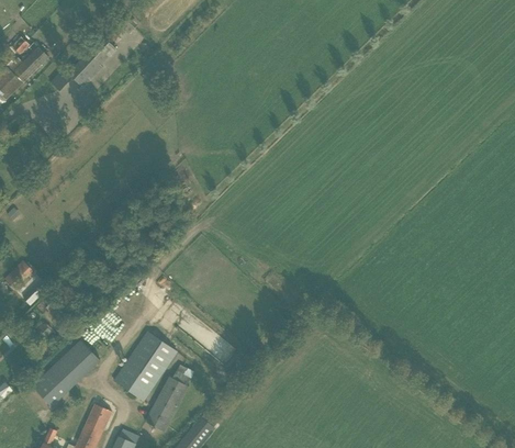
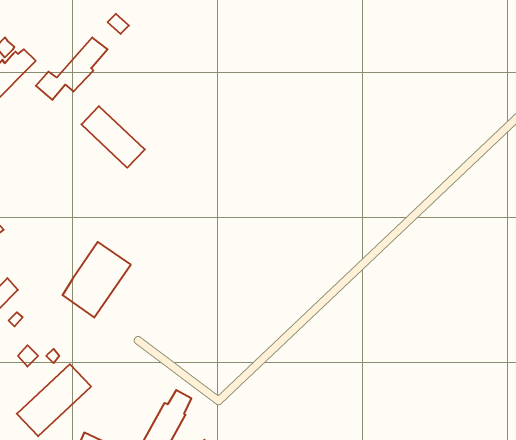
building: none -> [81,106,145,168]
building: [114,331,178,401] -> [62,242,131,318]

